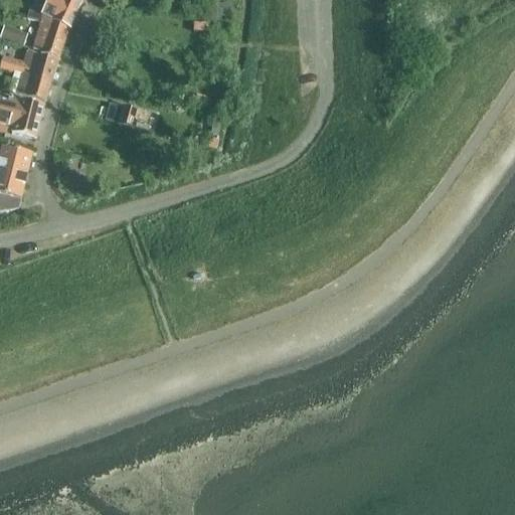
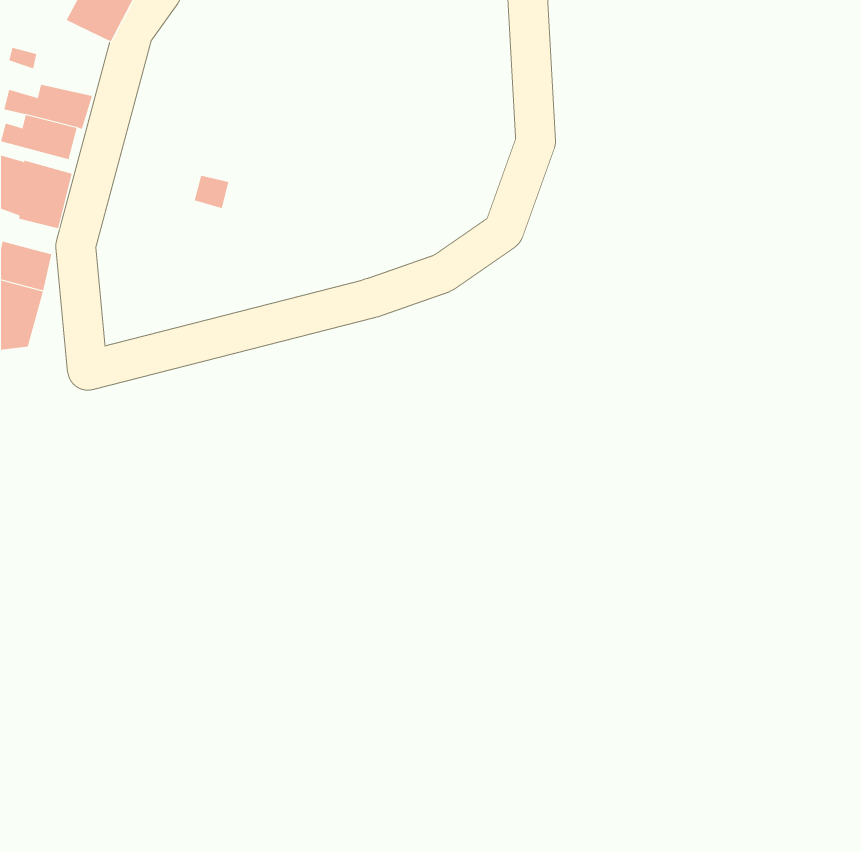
building: [25,10,66,52] -> none

